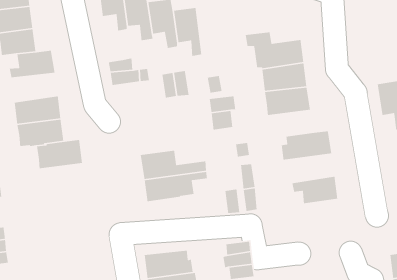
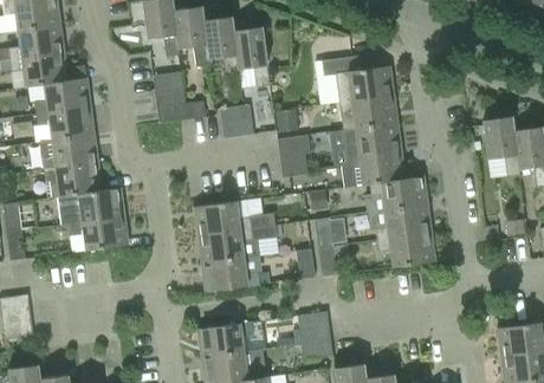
building: none -> [34,106,95,142]
building: none -> [341,151,406,187]
building: none -> [368,205,432,240]
building: none -> [71,216,129,249]
building: none -> [202,258,260,291]

